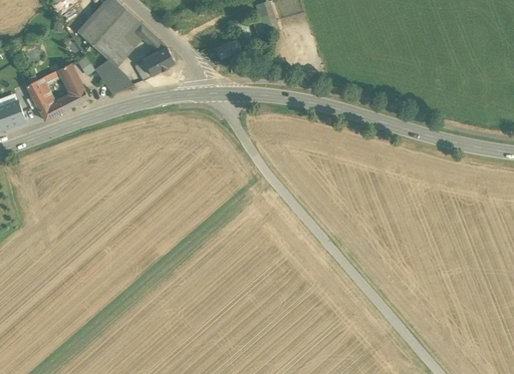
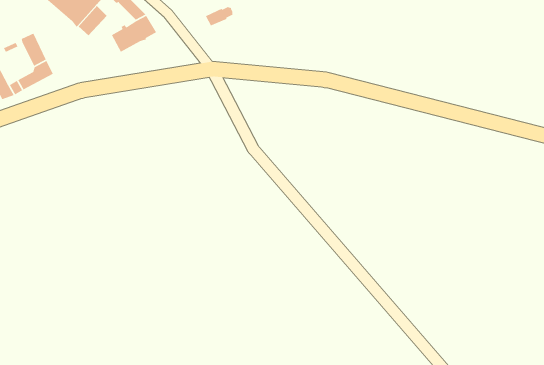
building: [94,58,134,93] -> none

